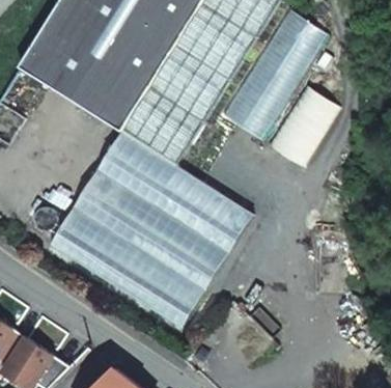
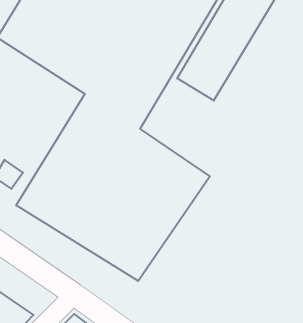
building: [268,82,335,163] -> none

